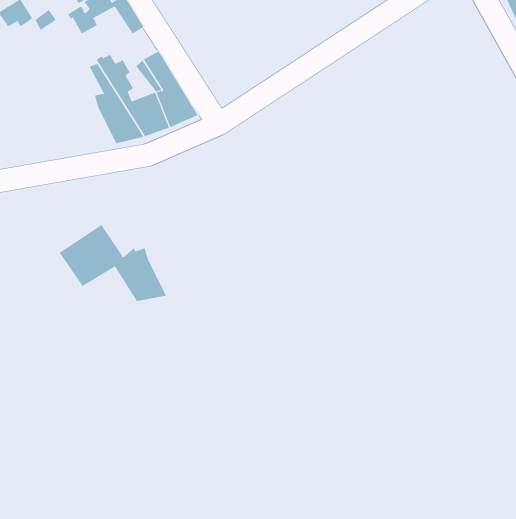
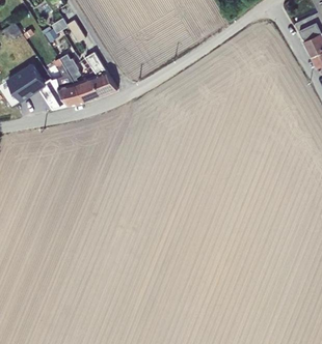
building: [59,224,167,301] -> [6,64,69,109]

